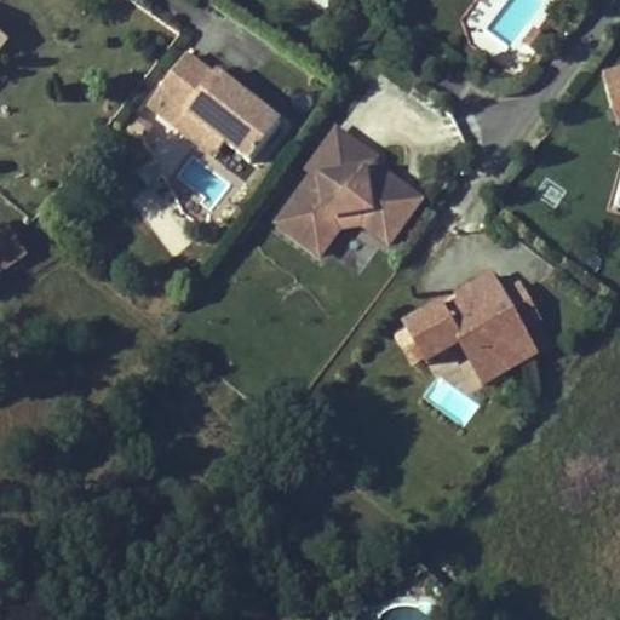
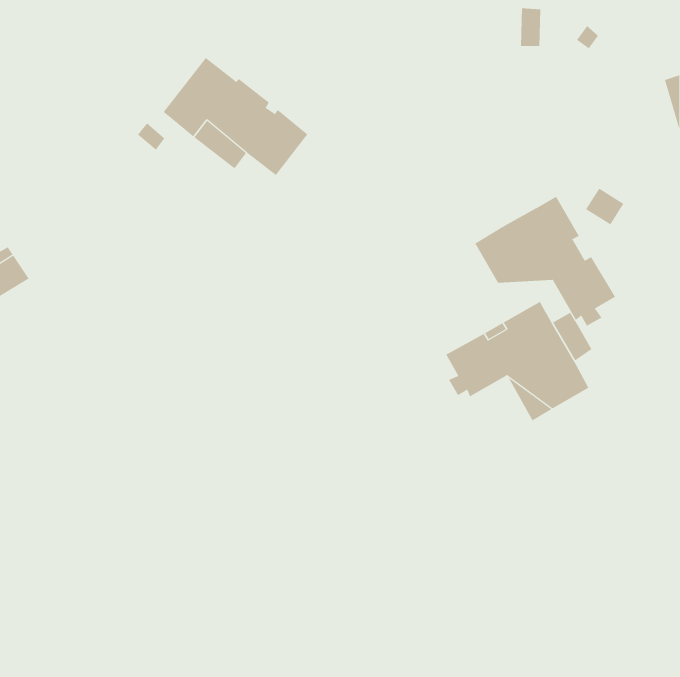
building: [277,128,420,252] -> none
building: none -> [475,196,616,326]

